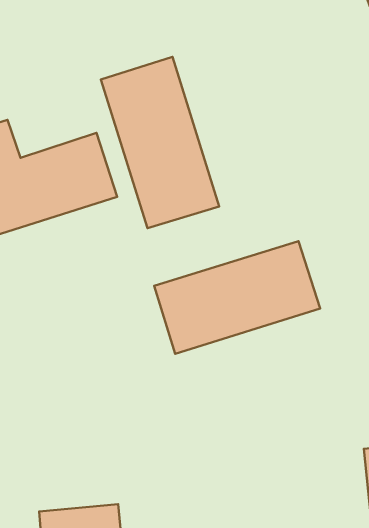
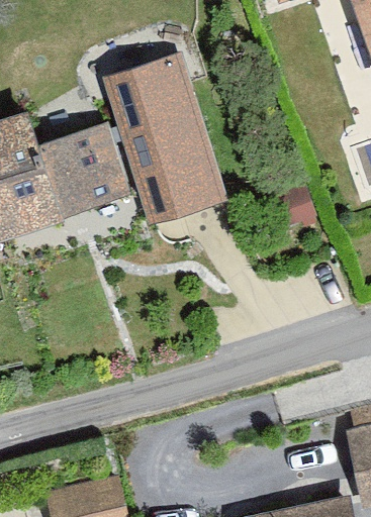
building: [154,241,320,354] -> none

